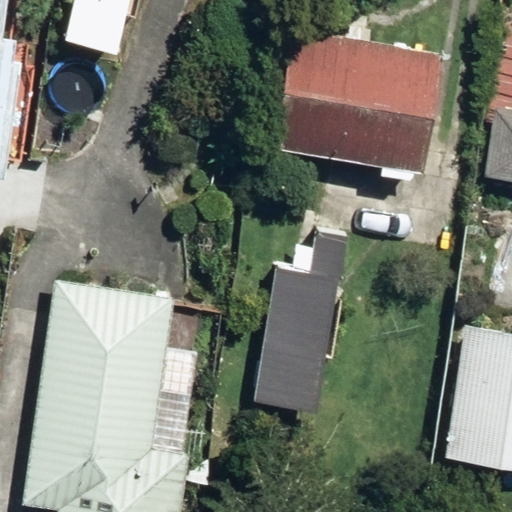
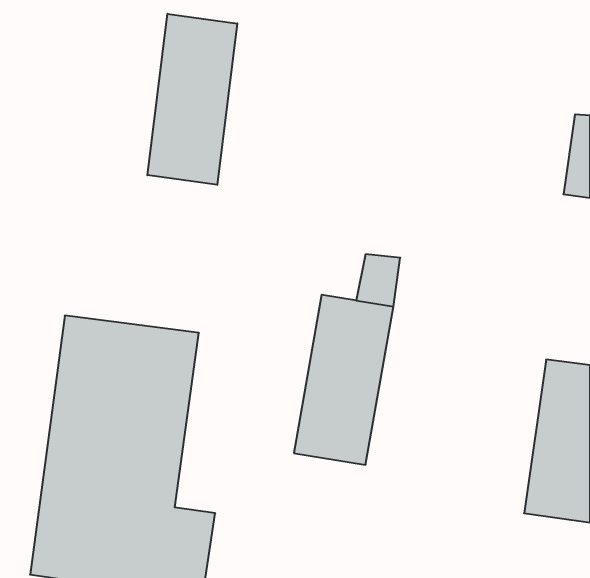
building: none -> [147,14,237,185]
building: [272,31,440,171] -> none

